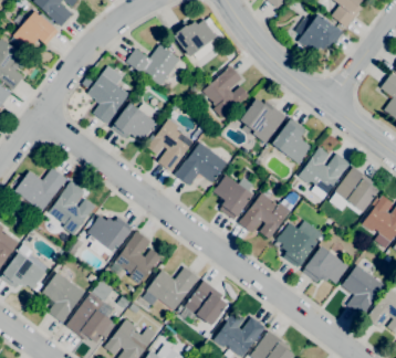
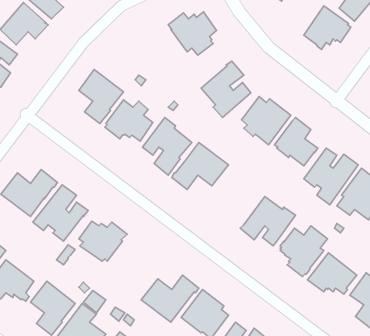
building: [126,44,180,86] -> none
building: [212,175,253,220] -> none
building: [111,231,161,284] -> none

